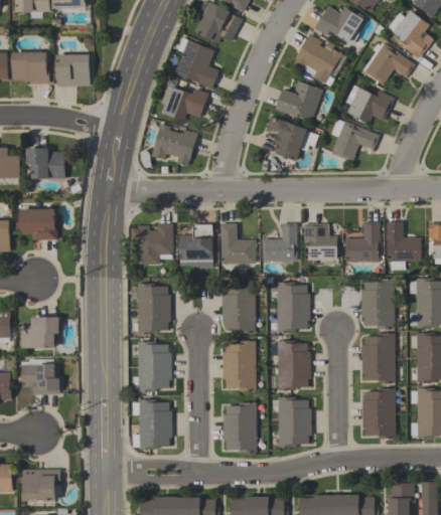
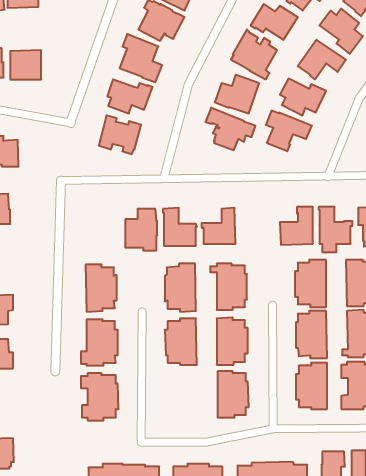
building: [303,223,337,260] -> none
building: [138,224,173,265] -> none
building: [223,402,256,453] -> none

